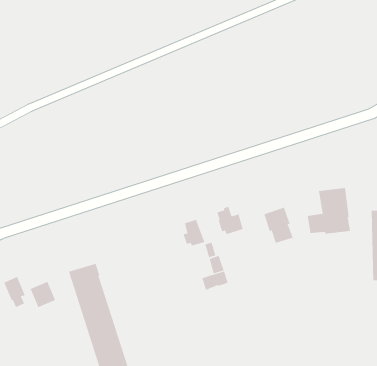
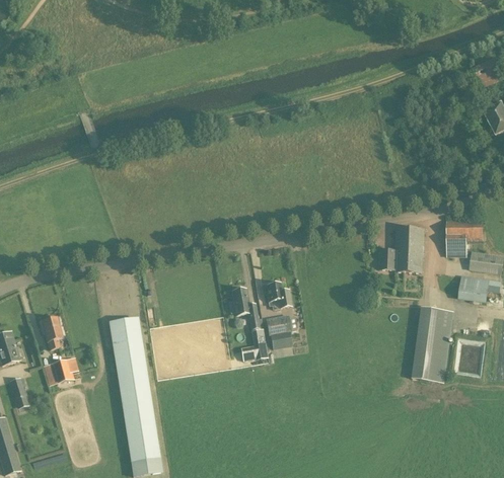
building: [307,188,351,234] -> [380,227,424,272]
building: [264,207,293,244] -> [266,314,292,349]
building: [30,281,56,308] -> [50,358,74,384]

